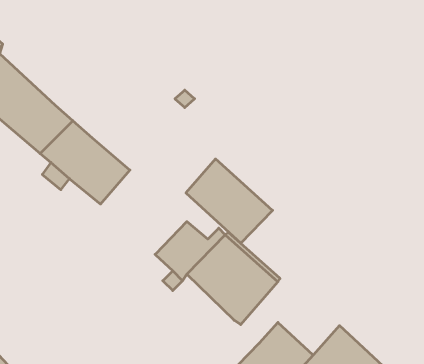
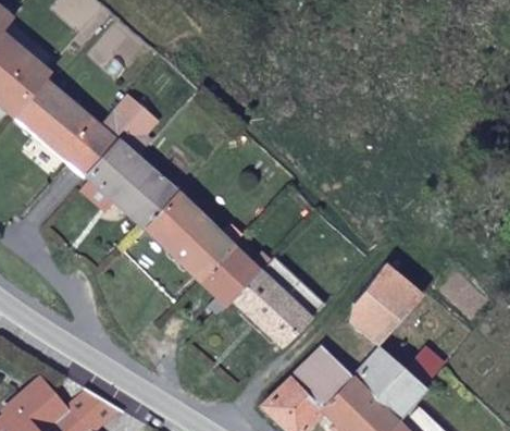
building: none -> [101,98,158,163]
building: [186,159,273,243] -> [146,195,232,279]
building: none -> [353,266,425,349]

